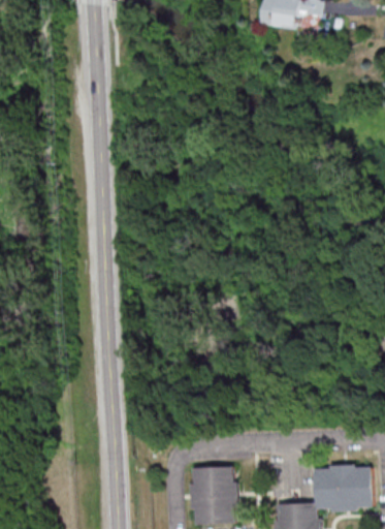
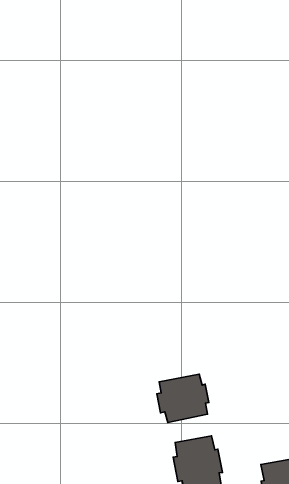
building: none -> [157,374,209,423]

